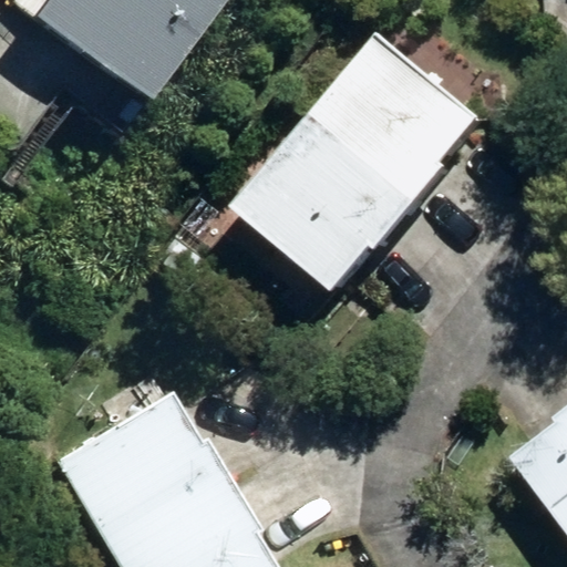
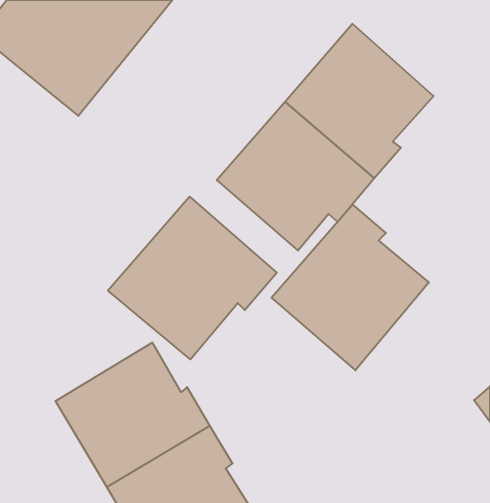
building: none -> [108,197,277,359]
building: none -> [272,205,429,370]

